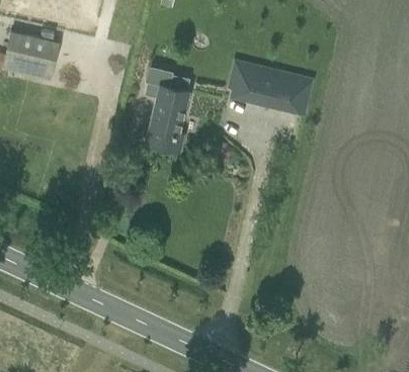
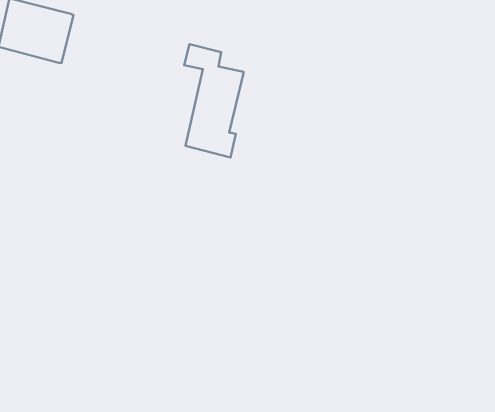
building: [231,63,311,112] -> none

